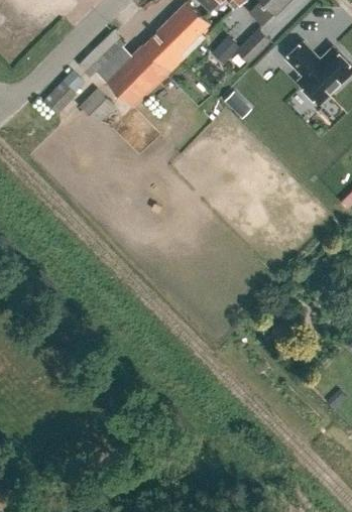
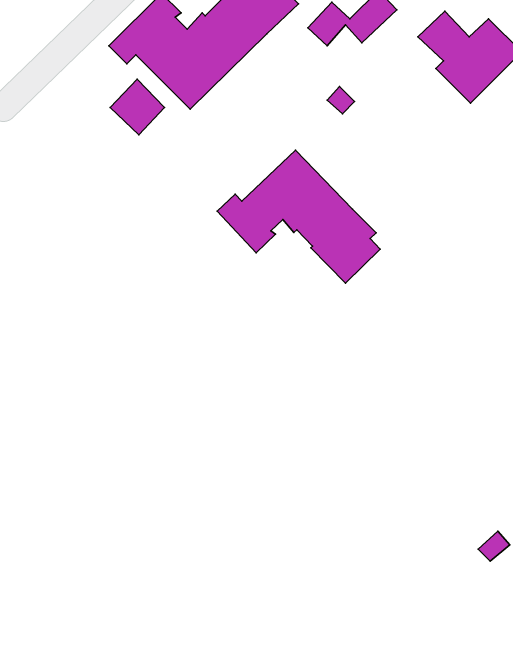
building: [44,70,86,114] -> none
building: none -> [217,150,380,283]

